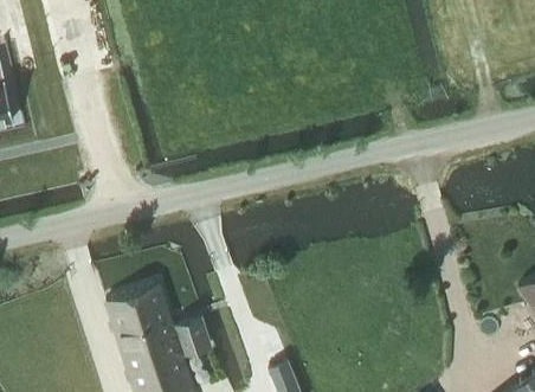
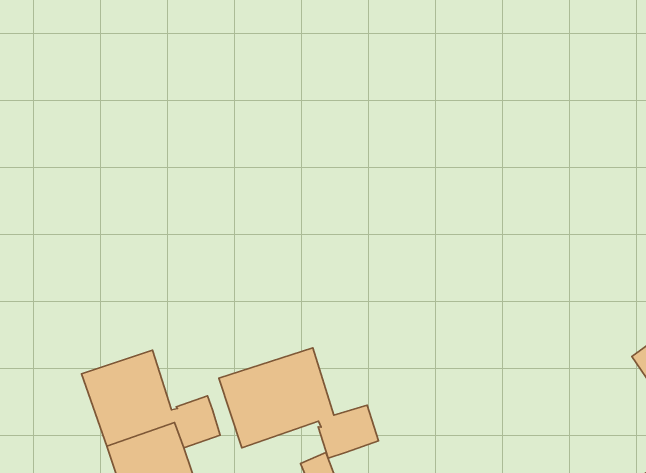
building: none -> [219,348,379,458]

